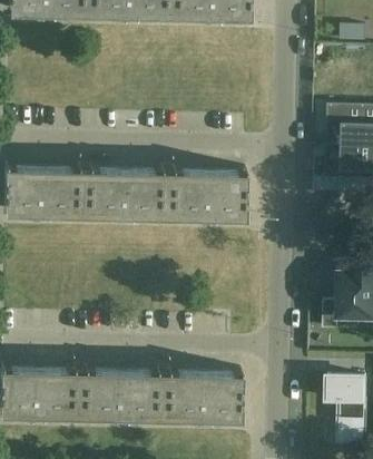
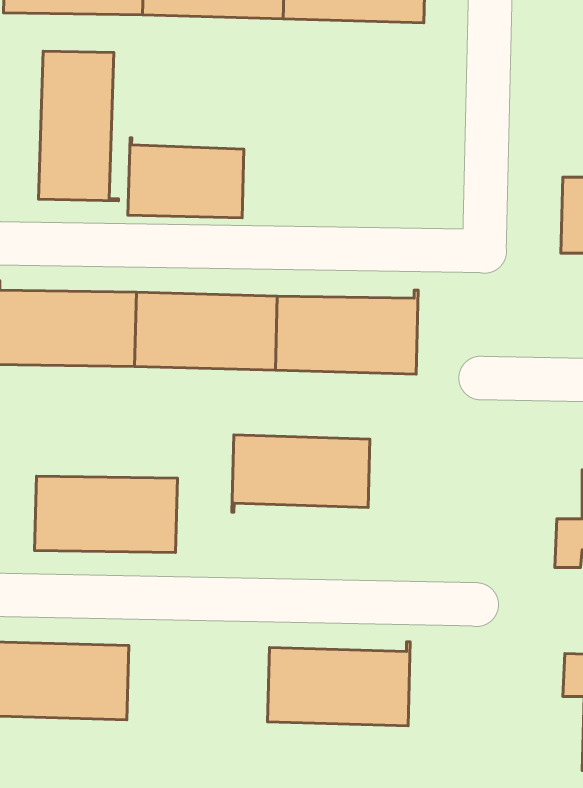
building: none -> [38,51,119,201]
building: none -> [128,138,244,218]
building: none -> [232,435,370,512]
building: [78,372,159,416] -> [35,476,177,552]

